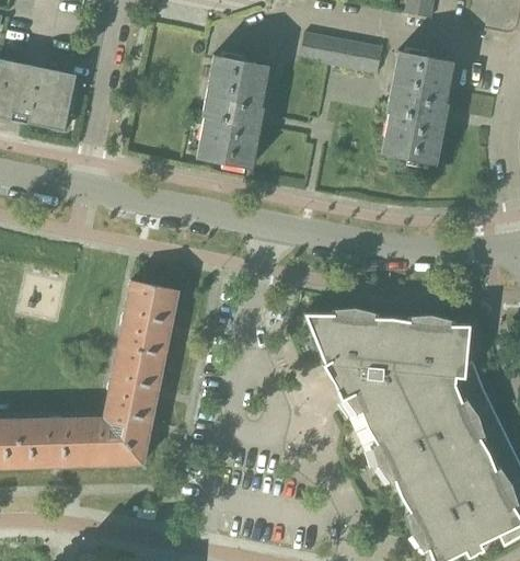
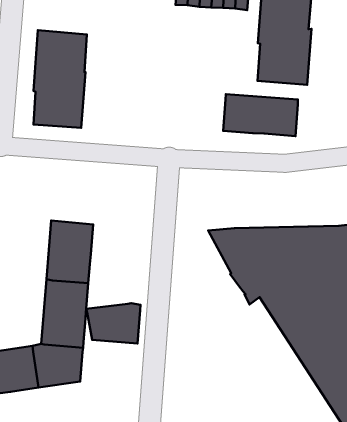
building: [197,54,268,168] -> [33,30,87,128]
building: none -> [223,94,298,136]
building: none -> [86,303,141,343]

